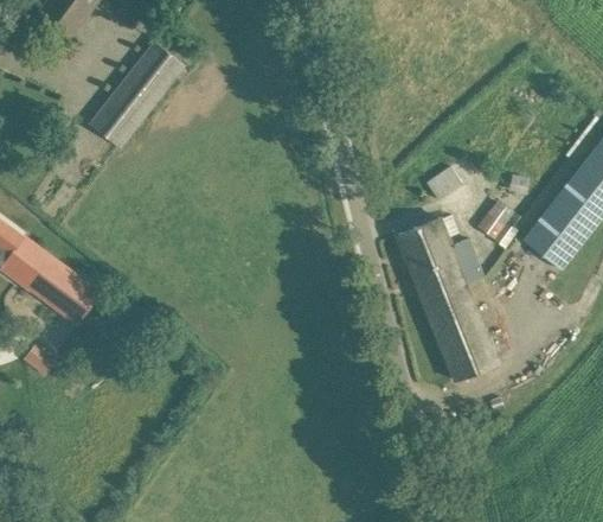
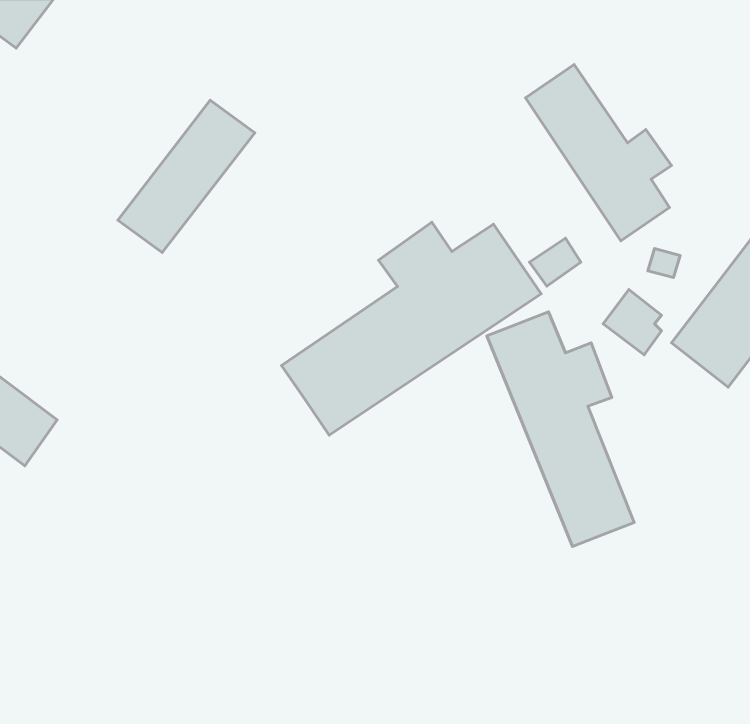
building: [89,42,184,147] -> [118,100,255,253]
building: none -> [526,65,672,241]
building: none -> [281,222,541,435]

